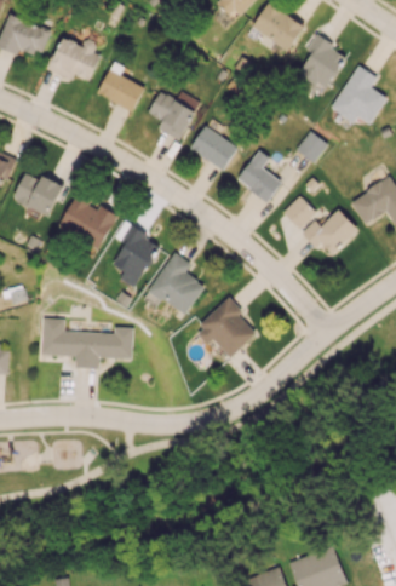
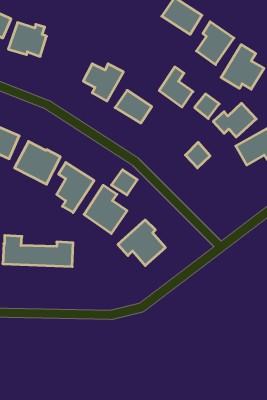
building: [97,62,144,111] -> none
building: [236,149,281,202] -> [159,67,193,107]
building: [300,209,357,254] -> [213,103,256,137]
building: none -> [111,170,137,195]

